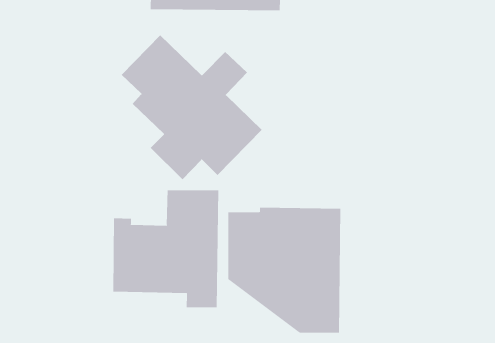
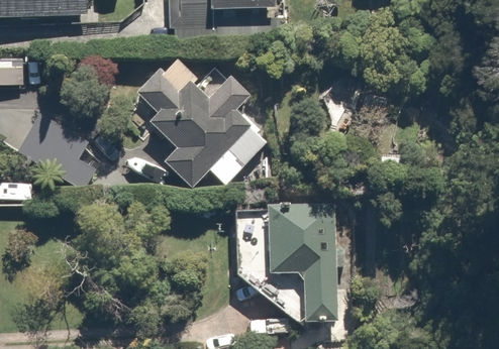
building: [113,189,219,308] -> none

